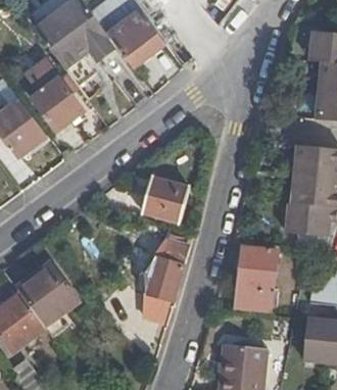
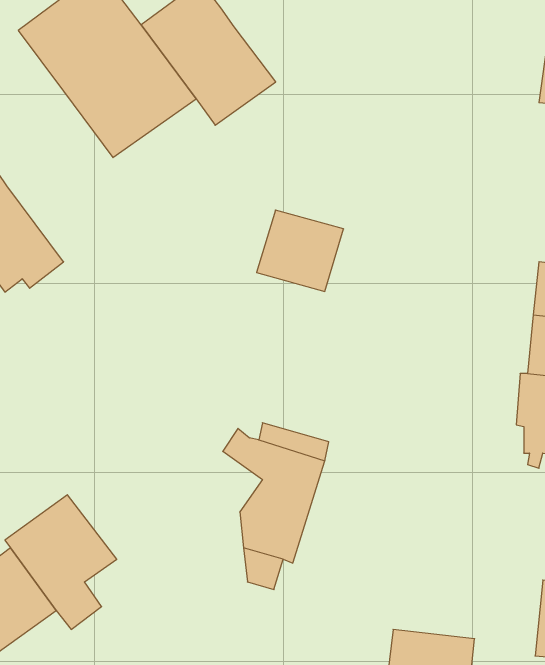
building: [22,60,84,134] -> none
building: [144,181,191,225] -> [257,210,344,291]
building: [236,244,278,306] -> none

